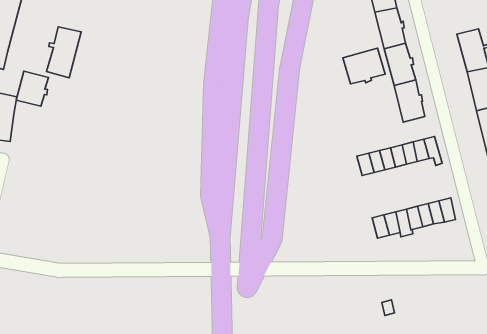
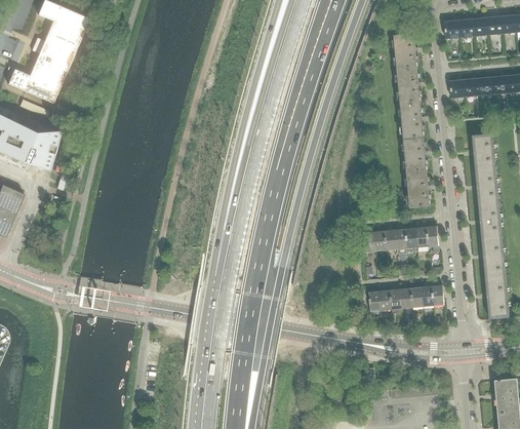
building: [47,27,81,78] -> none
building: [343,48,385,84] -> none
building: [16,71,48,106] -> none

